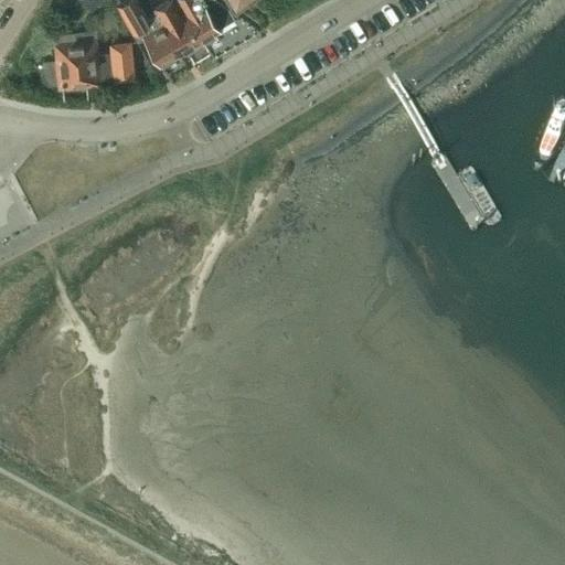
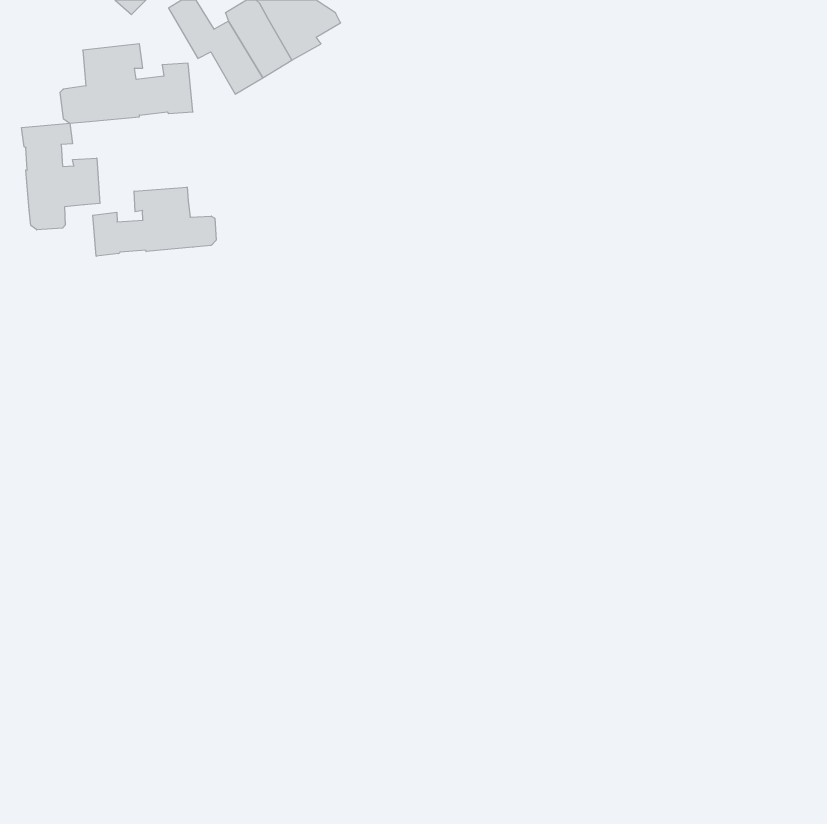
building: none -> [22,123,100,230]
building: none -> [93,187,216,256]

